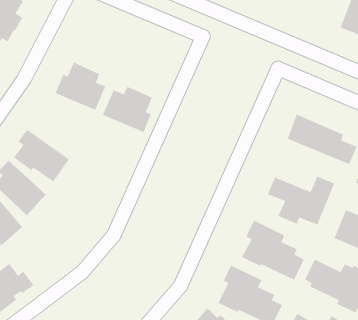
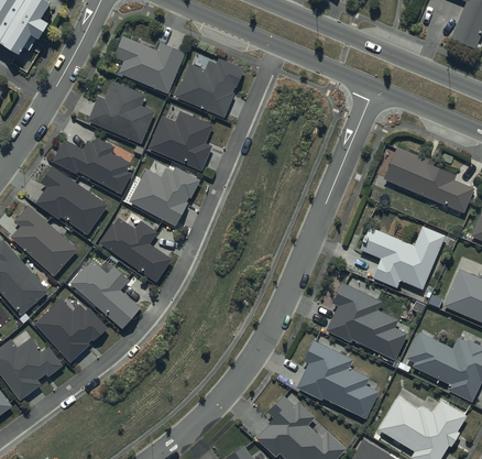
building: none -> [109,35,185,94]
building: none -> [175,58,244,118]
building: none -> [53,138,133,195]
building: none -> [130,166,200,227]
building: none -> [99,217,173,283]
building: none -> [70,261,141,329]
building: none -> [34,299,109,363]

